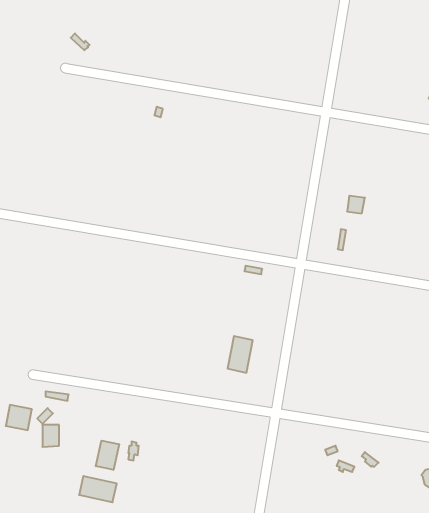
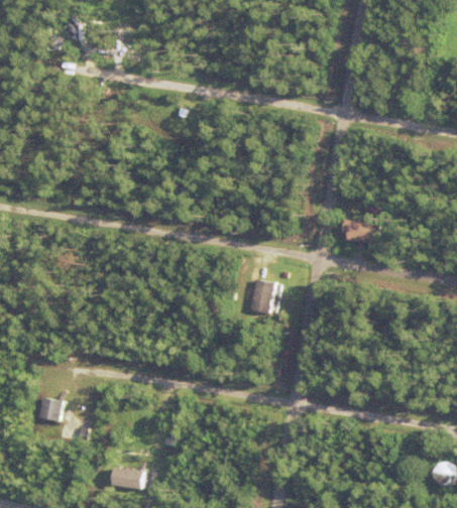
building: [228,336,253,373] -> [251,276,275,311]
building: [96,441,119,470] -> none

